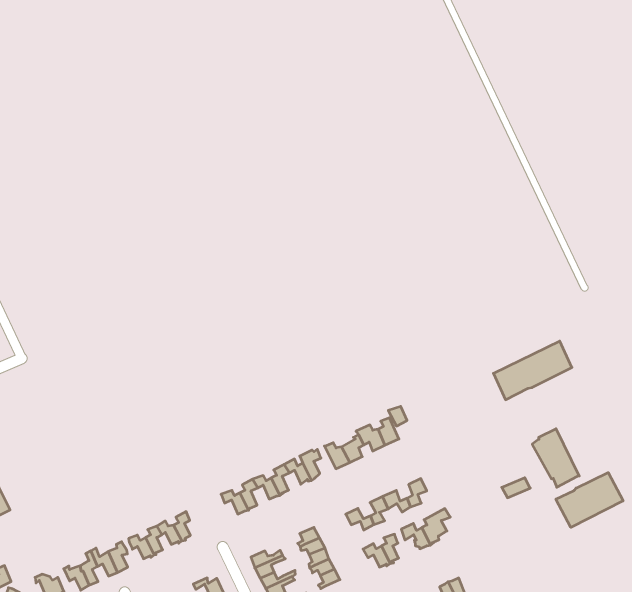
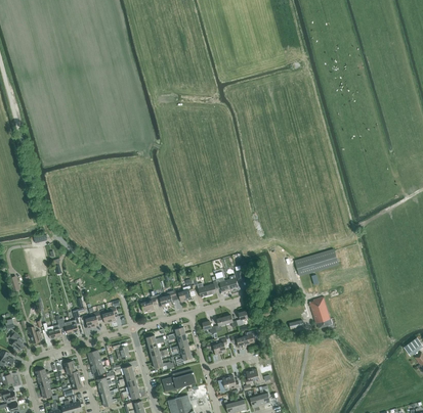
building: [556,473,623,527] -> none

